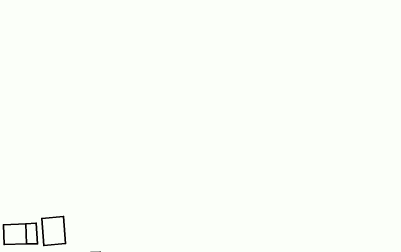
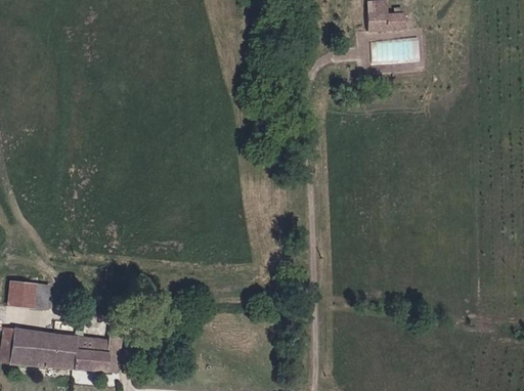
building: [42,216,65,246] -> none

